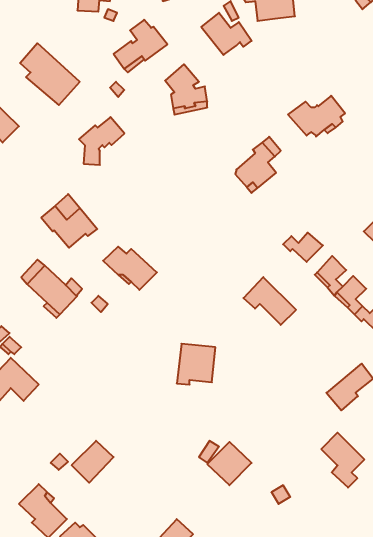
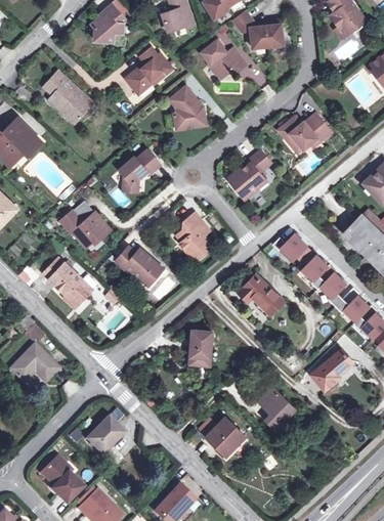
building: [79,117,124,165] -> [120,149,160,191]
building: none -> [175,212,209,257]
building: [321,433,364,488] -> [256,385,294,433]

